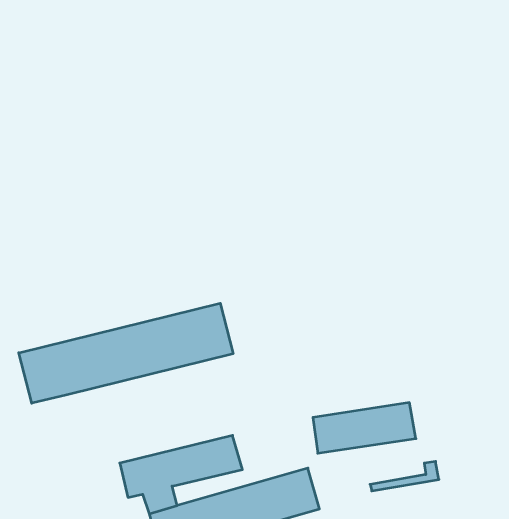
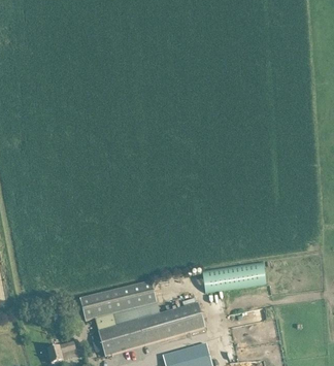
building: [19,303,233,403] -> none

